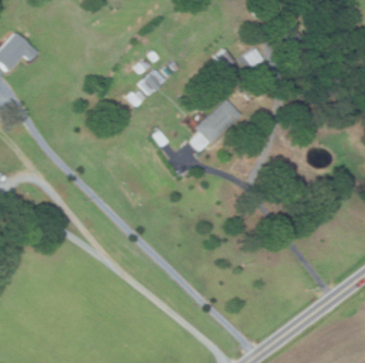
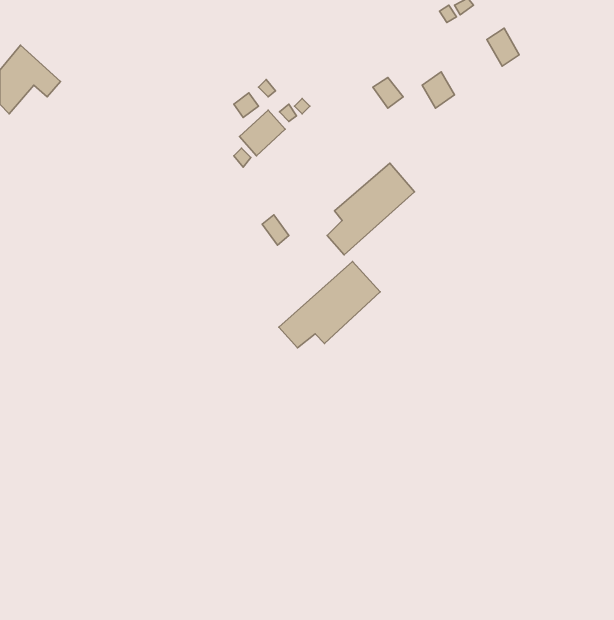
building: none -> [279,261,380,348]

